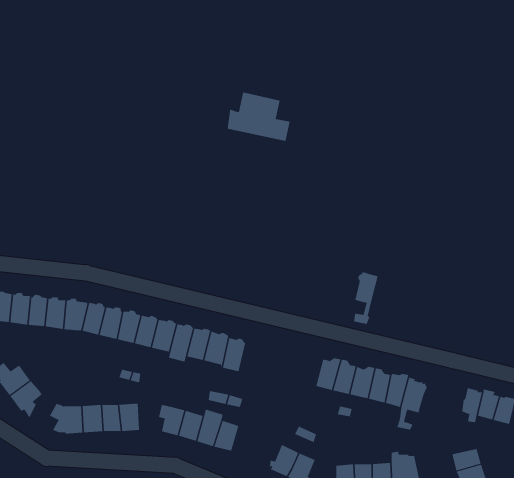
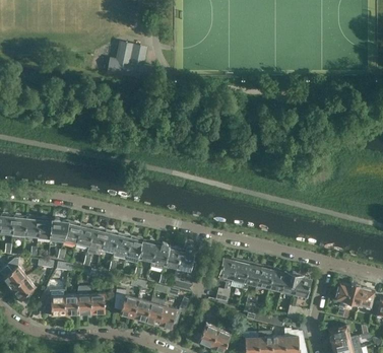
building: [227,92,291,141] -> [108,46,153,81]
building: [353,272,379,324] -> [217,259,236,296]
building: none -> [172,246,195,290]

